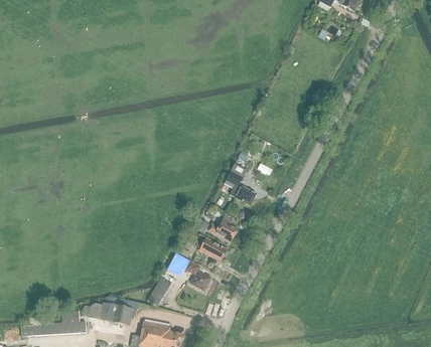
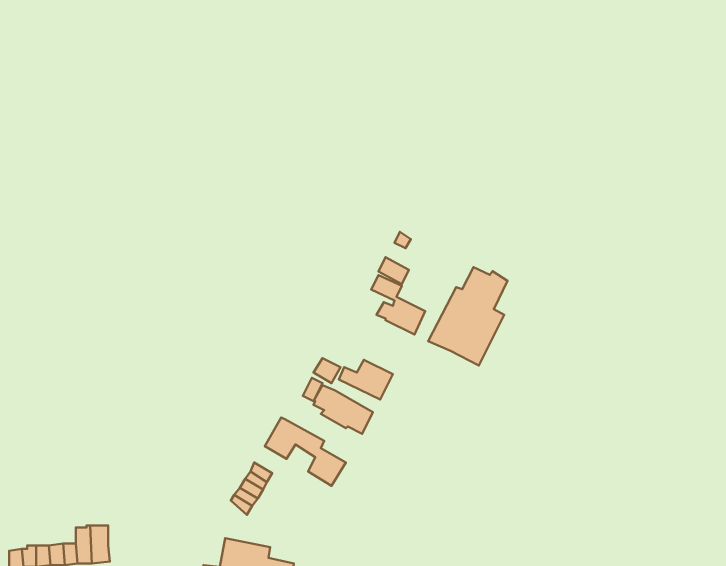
building: none -> [428,267,508,365]
building: [81,296,138,325] -> none

